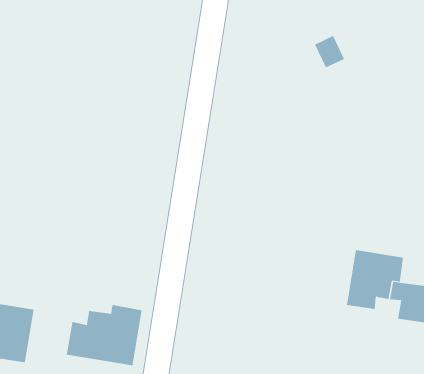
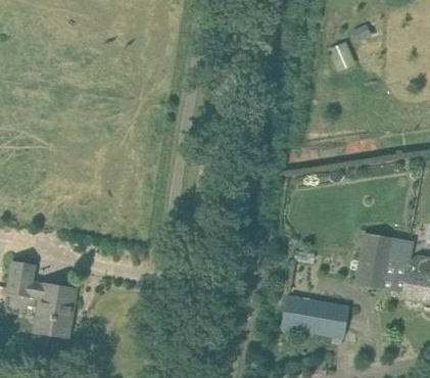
building: [66,304,142,366] -> none
building: none -> [282,295,348,338]

